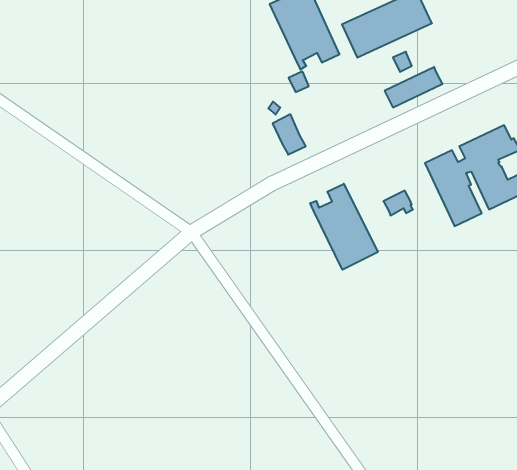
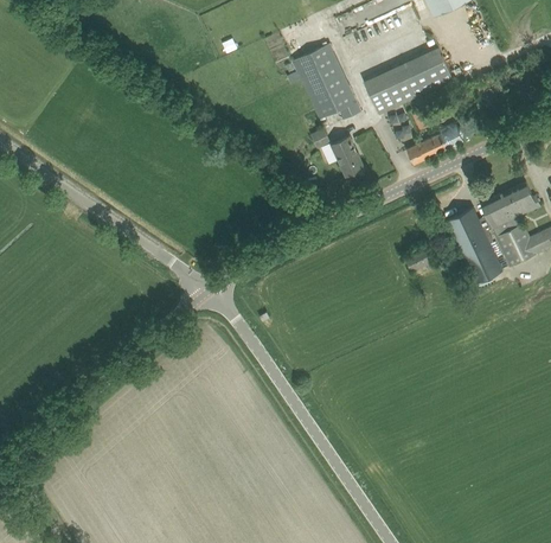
building: [273,114,306,155] -> [331,135,364,175]
building: [310,184,378,270] -> none

